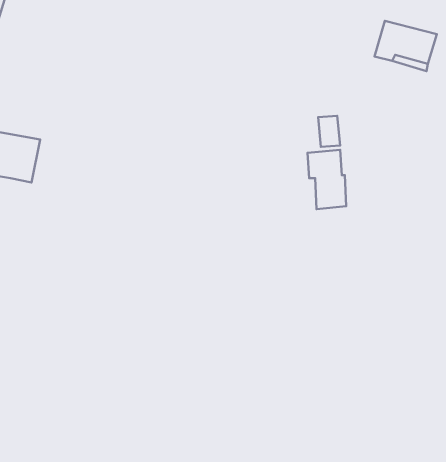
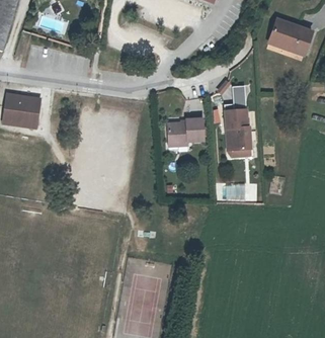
building: none -> [165,117,201,142]

